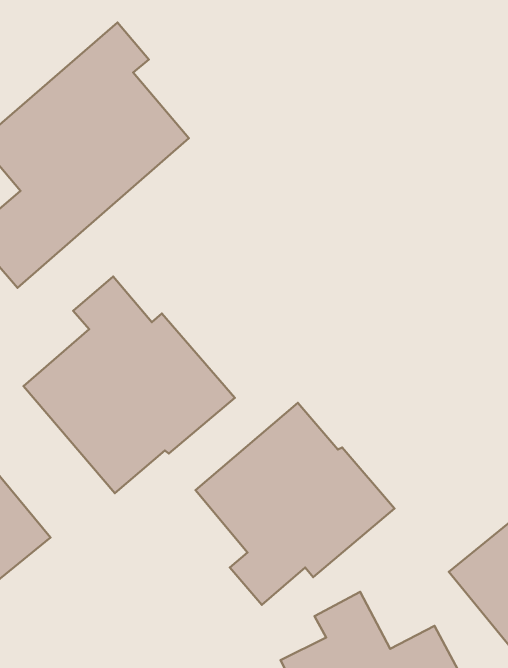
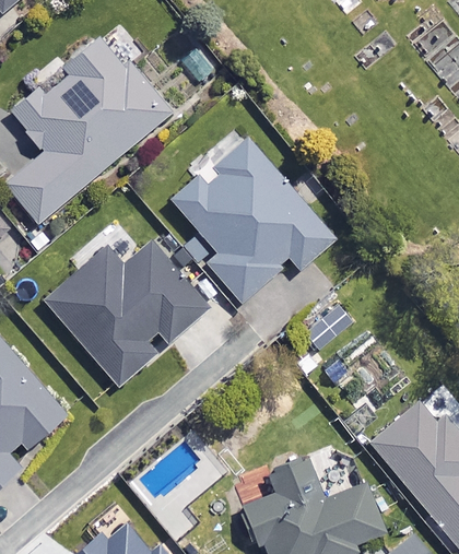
building: none -> [169,141,334,304]
building: [195,403,395,605] -> none

